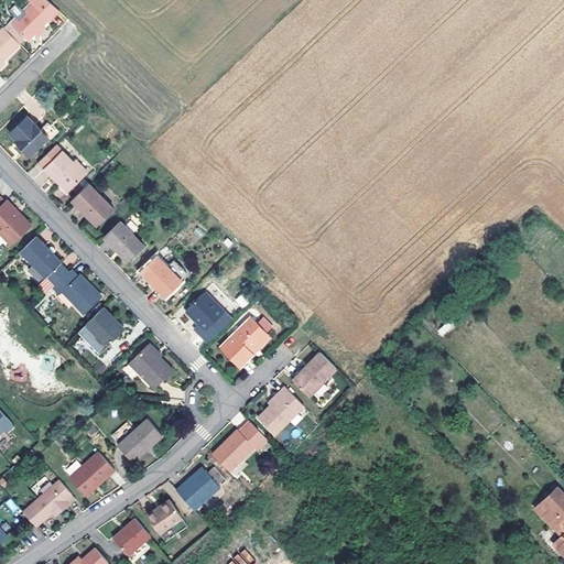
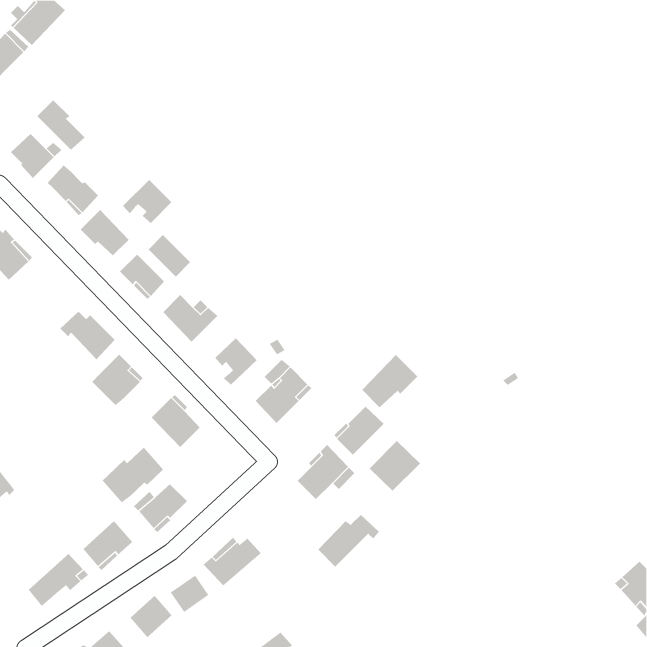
building: none -> [37,99,85,151]
building: none -> [122,179,172,224]
building: none -> [148,234,191,277]
building: [19,236,59,276] -> none
building: none -> [361,354,418,408]
building: none -> [369,440,421,492]
building: none -> [102,447,164,503]
building: [214,425,268,471] -> [318,514,380,567]

